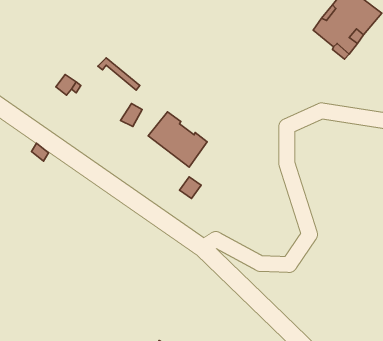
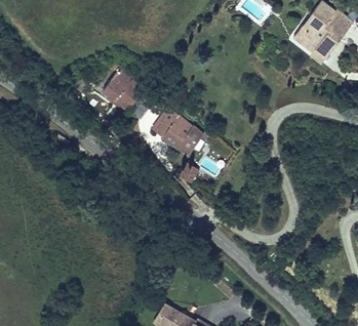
building: none -> [103,73,143,112]

